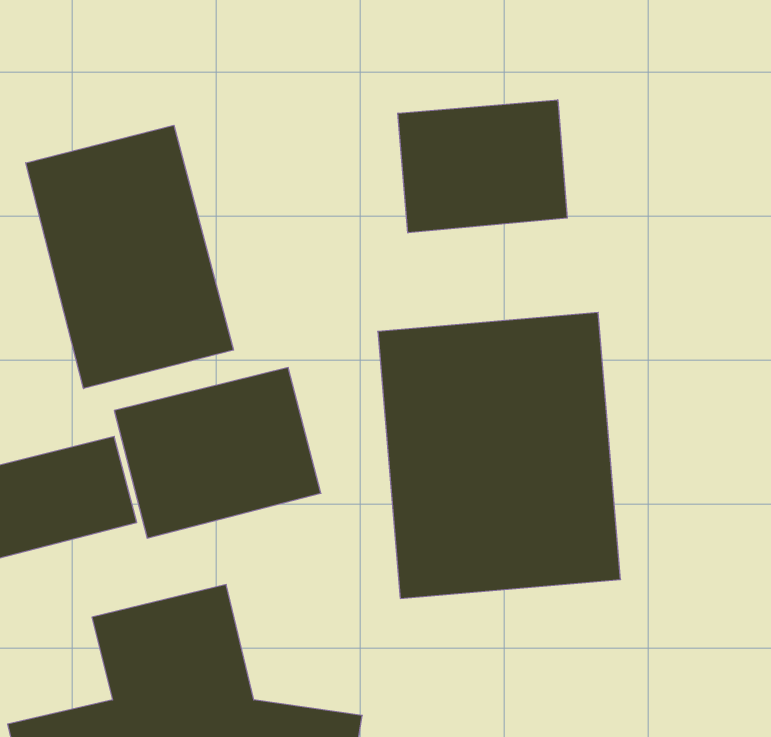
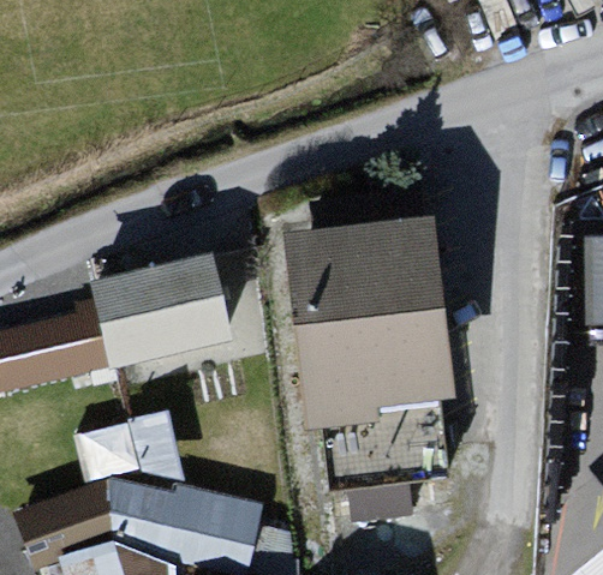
building: [398,100,567,233] -> none
building: [26,125,234,389] -> none

